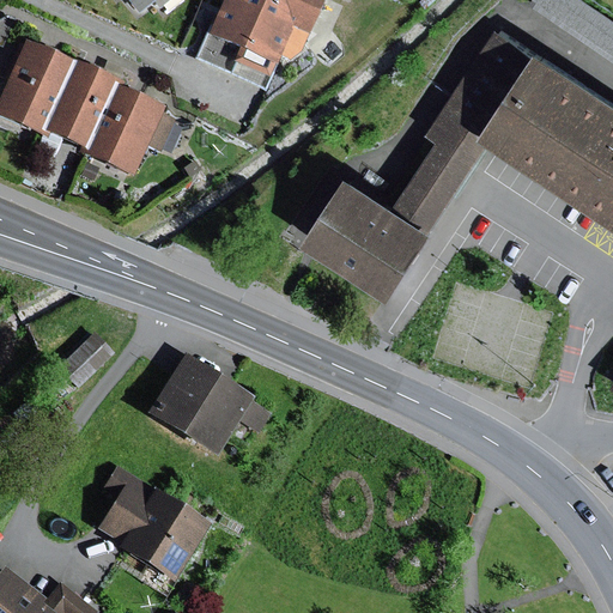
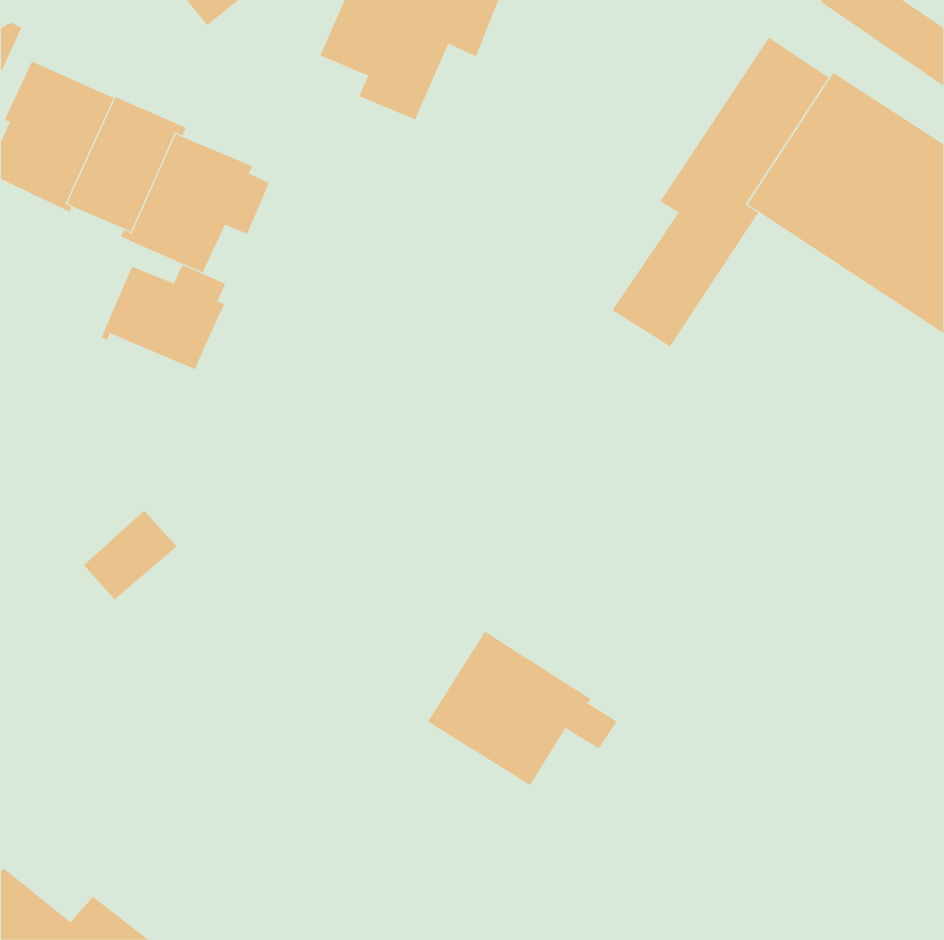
building: [306,171,437,295] -> none
building: none -> [101,264,226,370]
building: [147,354,271,455] -> [427,631,617,786]
building: [98,467,211,585] -> none

